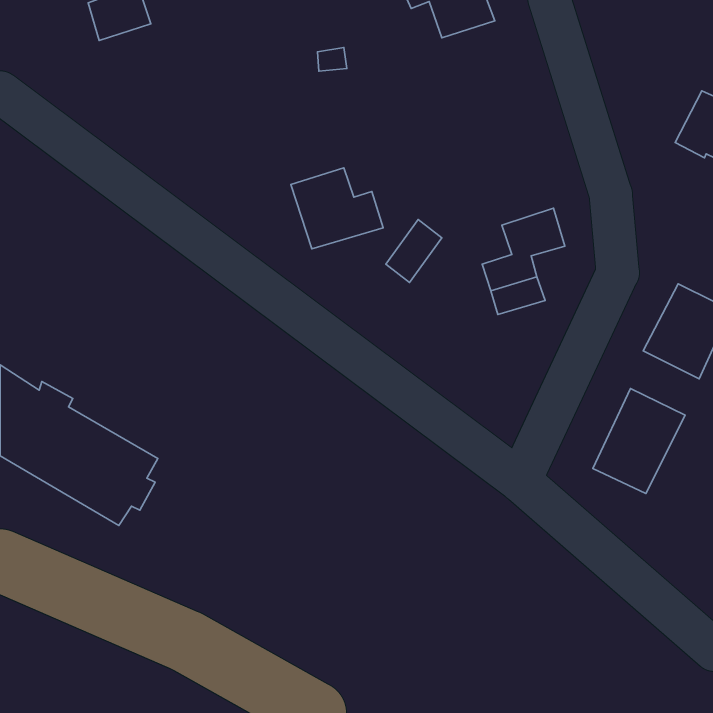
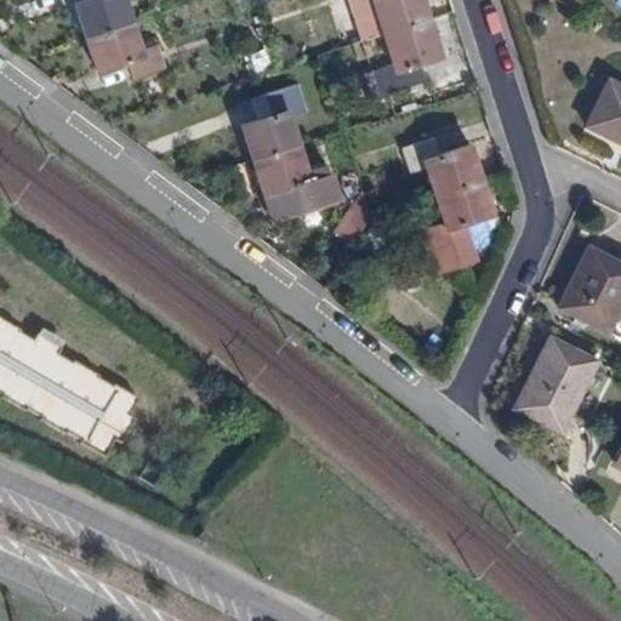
building: none -> [360,18,441,97]
building: none -> [87,21,166,78]
building: none -> [243,82,306,160]
building: none -> [403,137,482,195]

